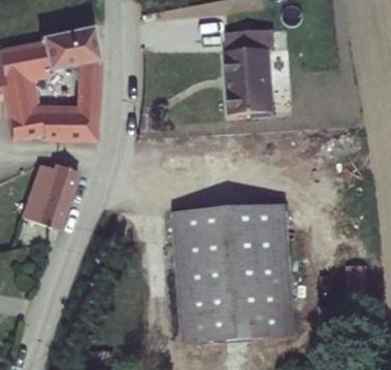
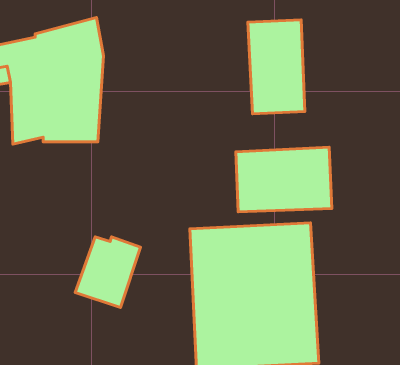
building: none -> [236,147,332,212]
building: [21,167,78,230] -> [75,237,140,308]

